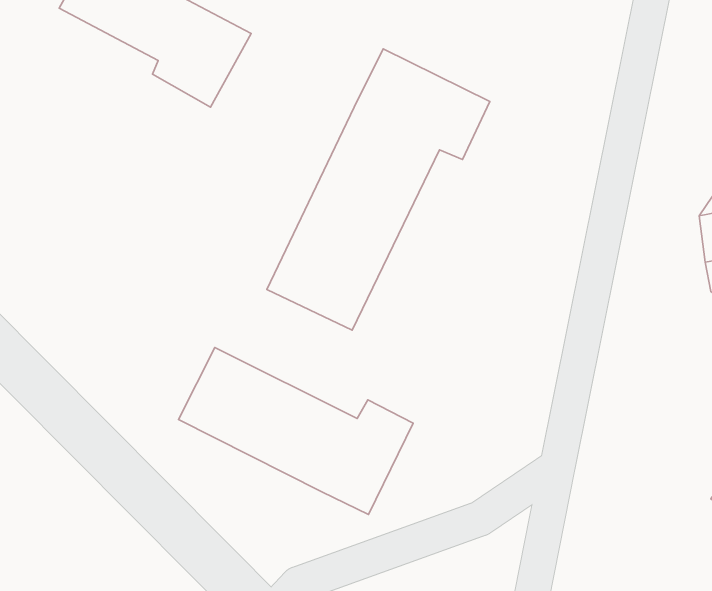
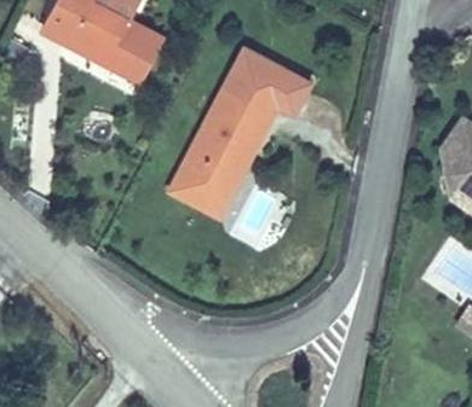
building: [178,347,413,514] -> none

